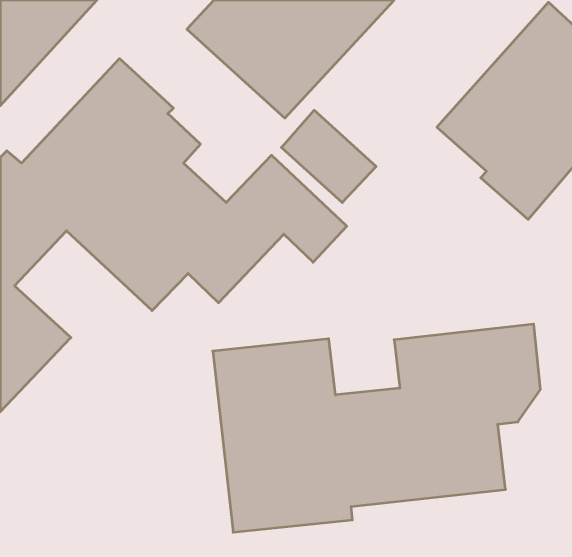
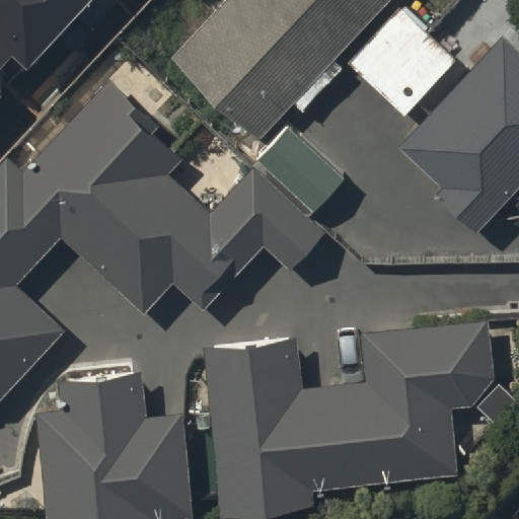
building: none -> [38,357,194,513]

